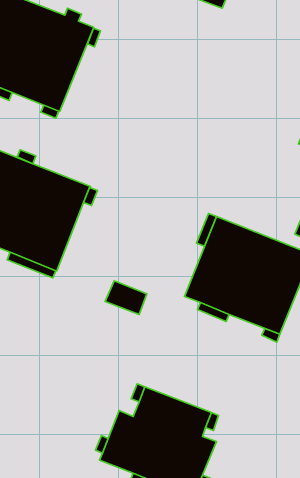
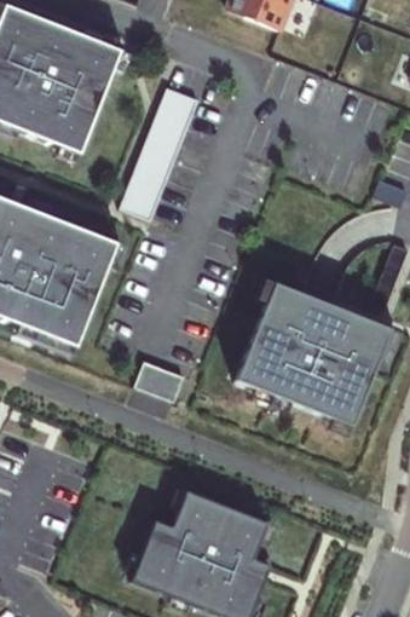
building: none -> [120,85,198,218]

